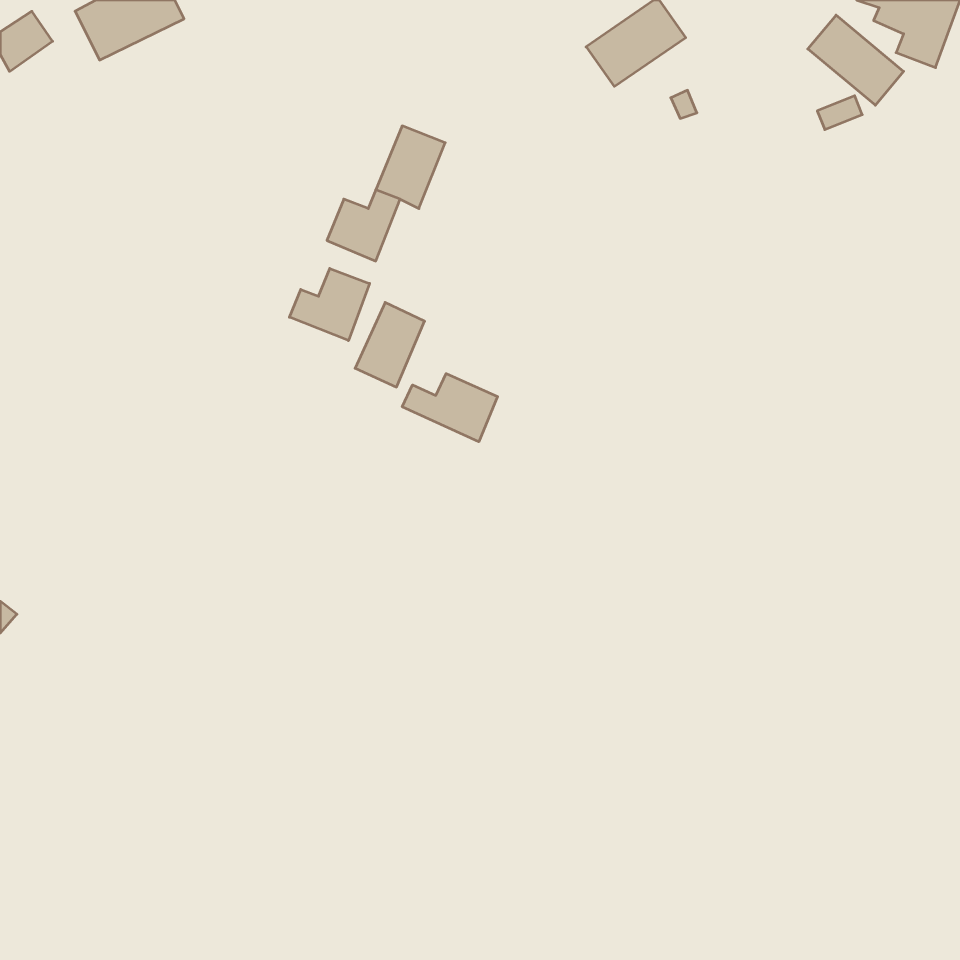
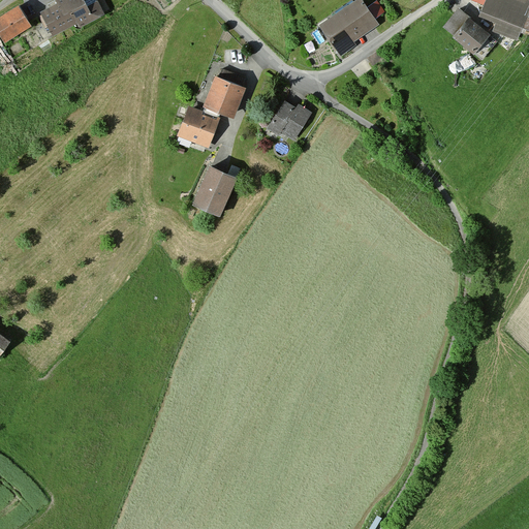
building: none -> [269,101,307,141]
building: [289,268,370,341] -> none
building: [402,374,498,442] -> none

